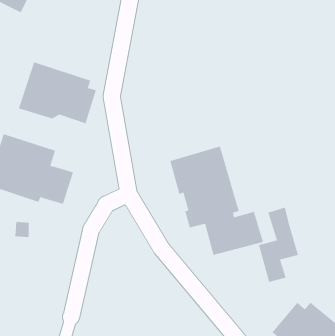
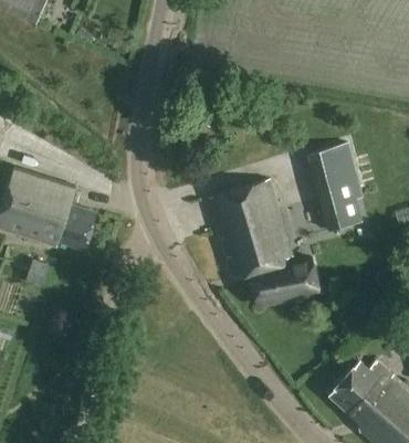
building: [18,62,97,124] -> none
building: [258,207,299,283] -> [316,141,364,230]

